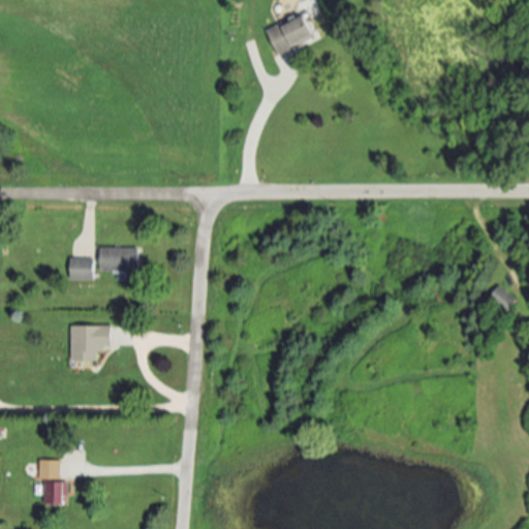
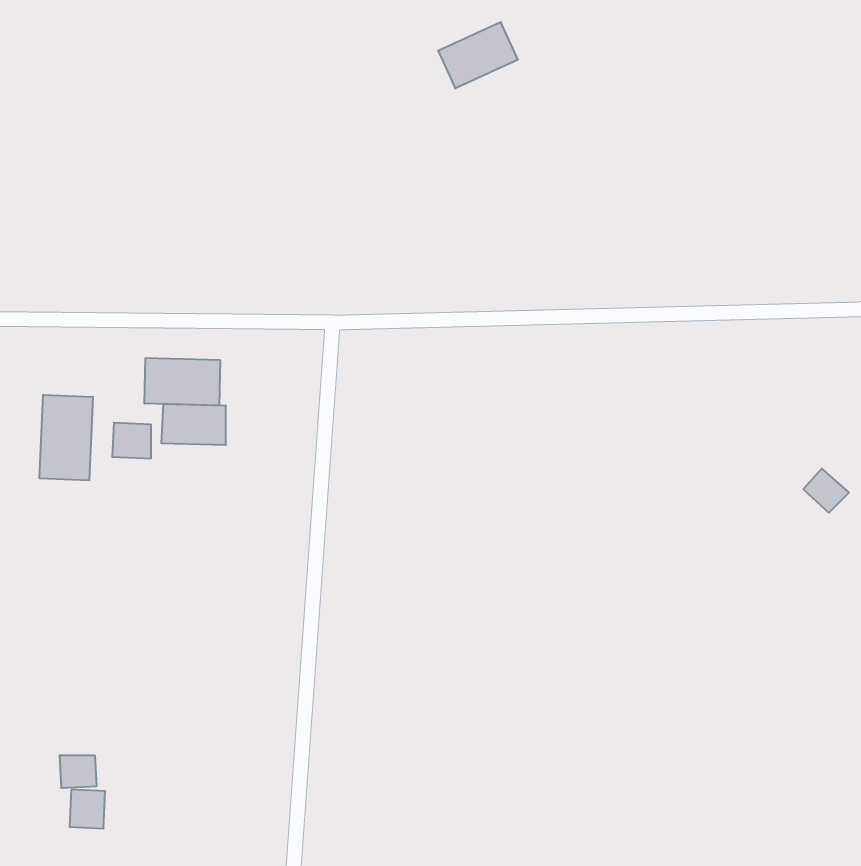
building: none -> [144,358,220,406]
building: none -> [40,395,93,480]
building: [69,324,111,361] -> none

